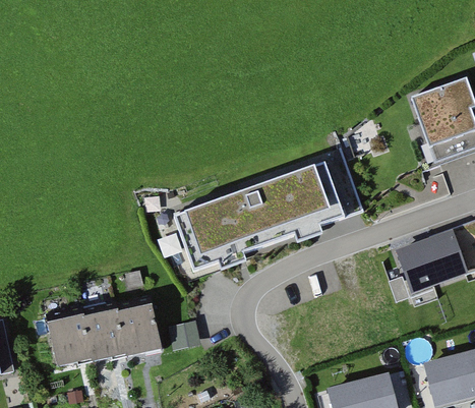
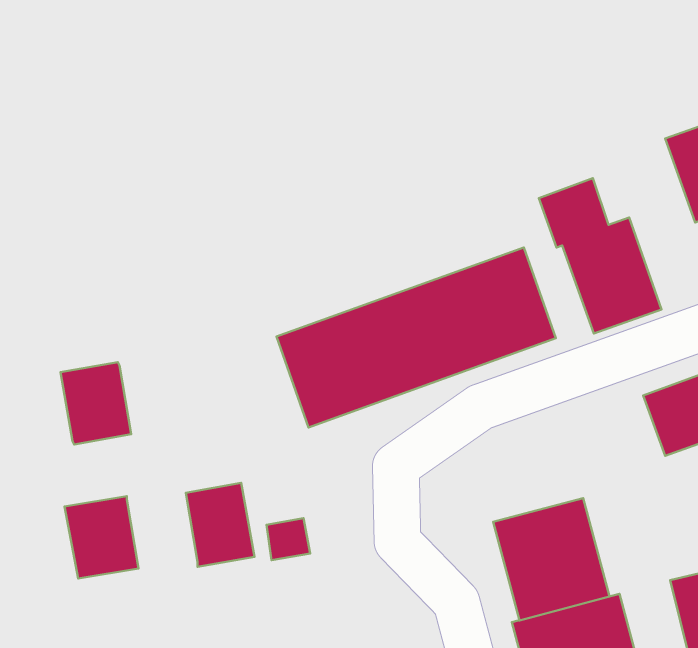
building: none -> [539,178,662,334]
building: [85,307,128,357] -> [61,362,131,444]
building: none -> [493,498,609,620]

